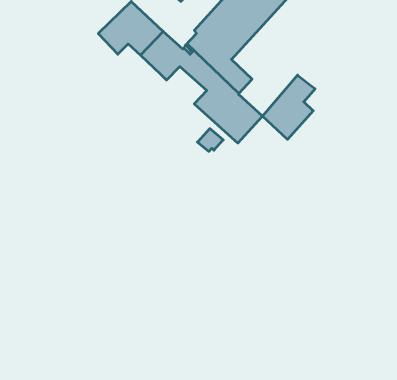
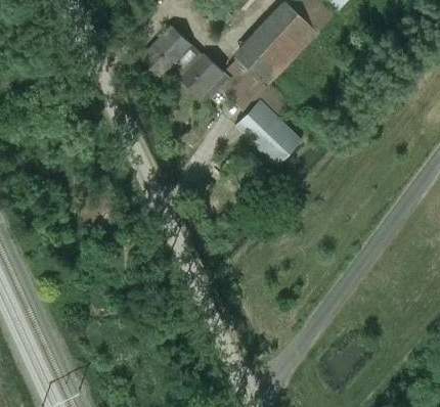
building: [262,75,315,139] -> none

